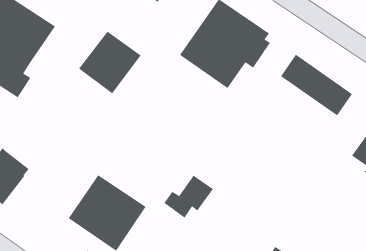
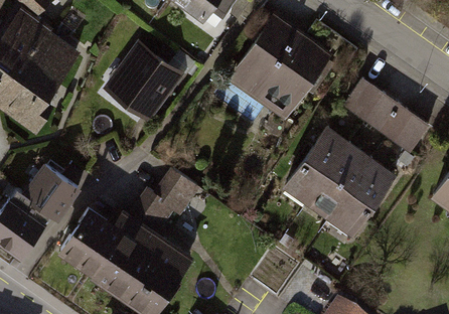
building: none -> [281,122,395,234]
building: none -> [20,161,79,217]
building: none -> [60,208,129,270]
building: [163,175,214,218] -> [136,169,195,220]

